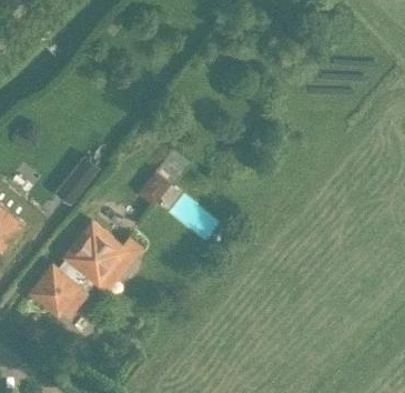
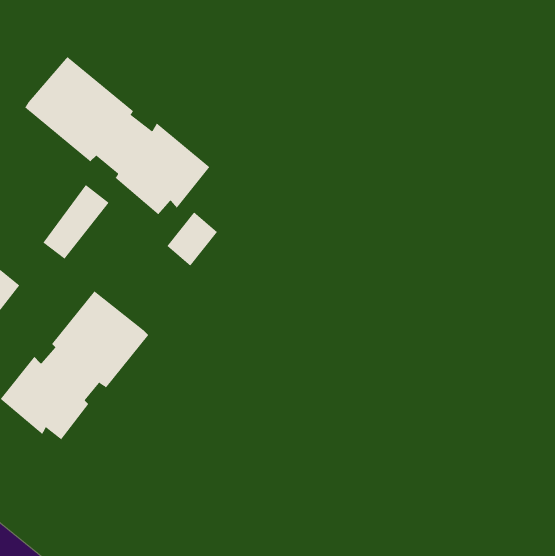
building: none -> [24,56,210,215]

